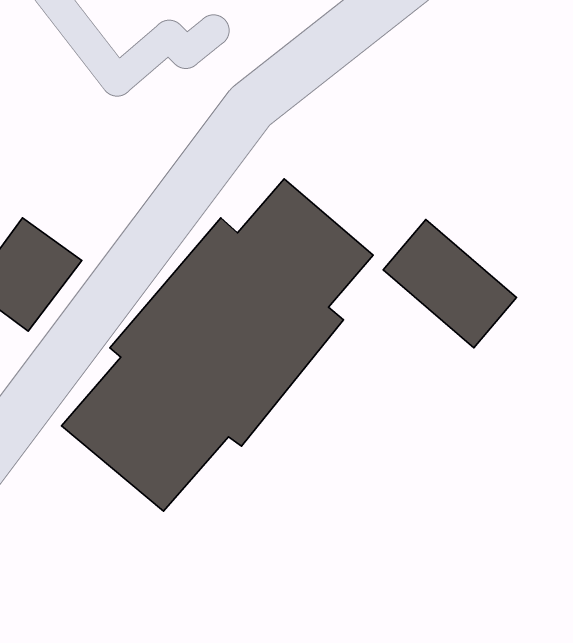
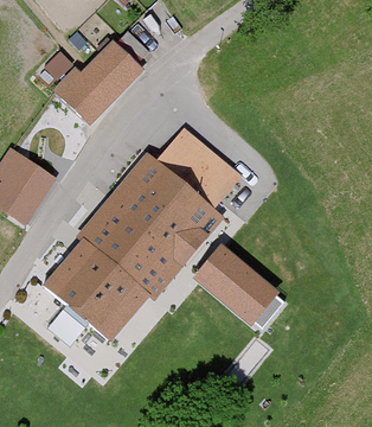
building: none -> [56,42,142,126]
building: [383,220,517,348] -> [194,243,280,325]

